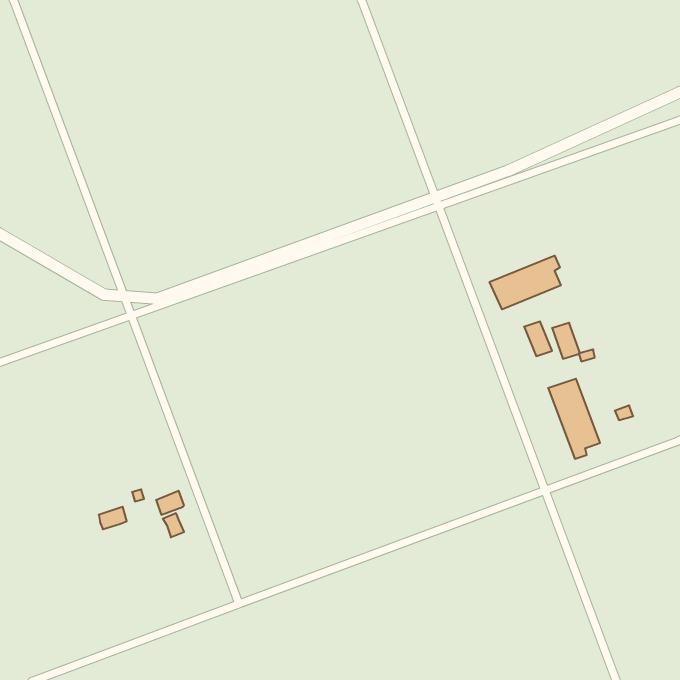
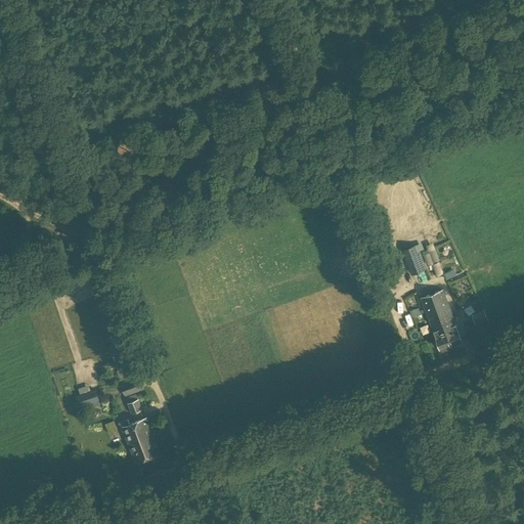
building: [490,256,561,309] -> none
building: none -> [119,420,158,463]

